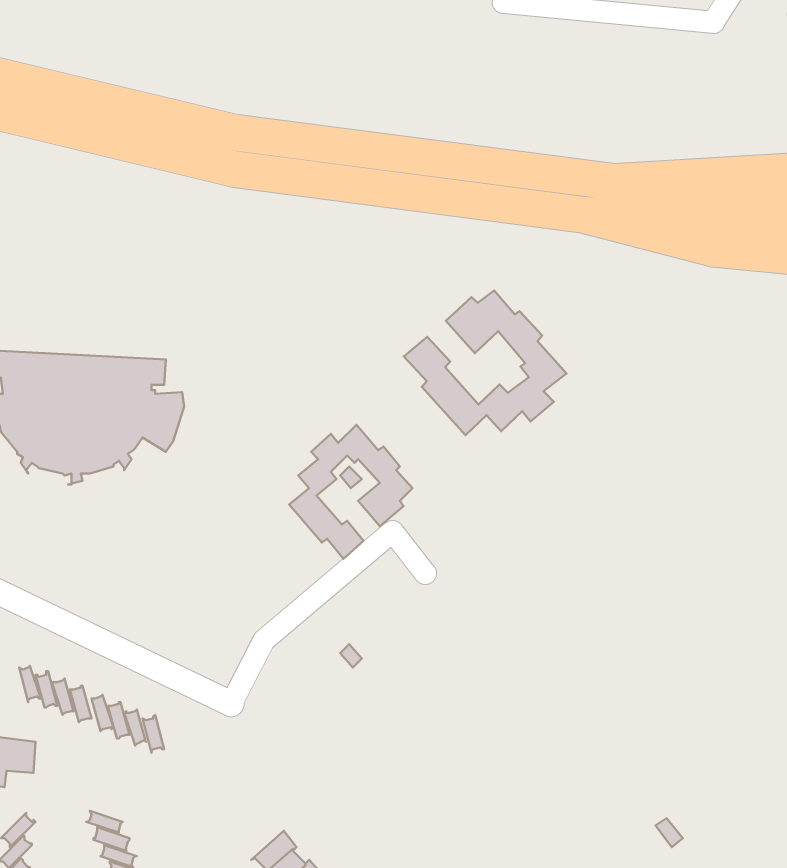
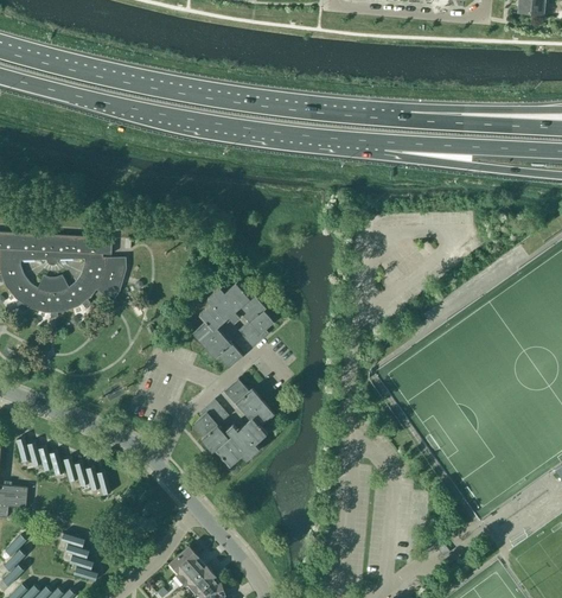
building: [404,290,567,435] -> none
building: none -> [192,378,273,465]

